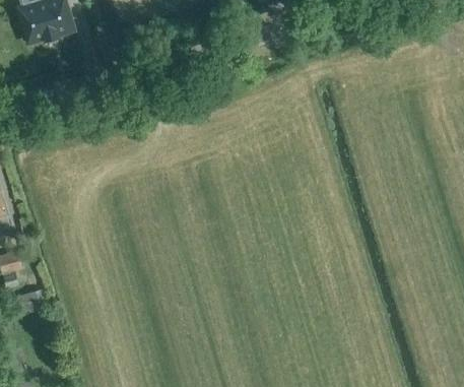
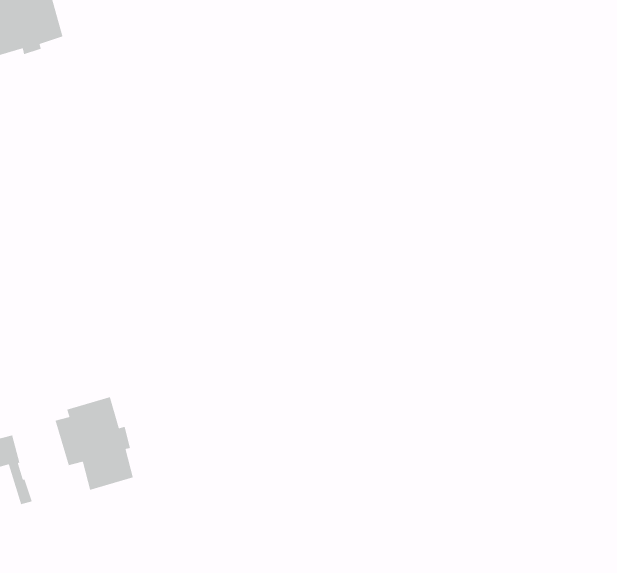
building: none -> [55,396,134,491]

